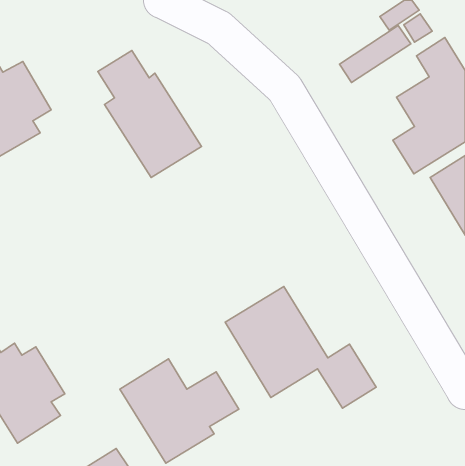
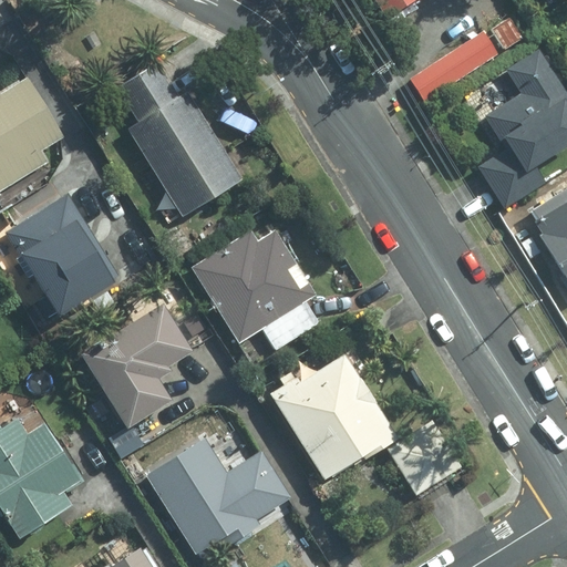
building: none -> [7,194,118,316]
building: none -> [192,230,317,349]
building: none -> [84,301,194,423]

